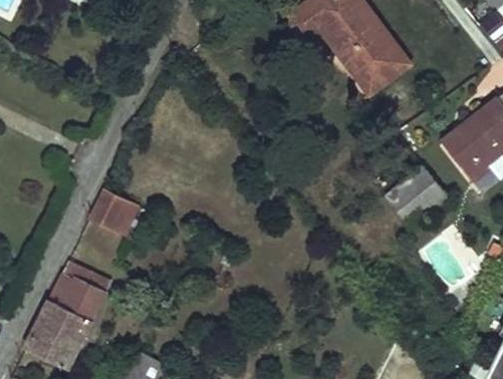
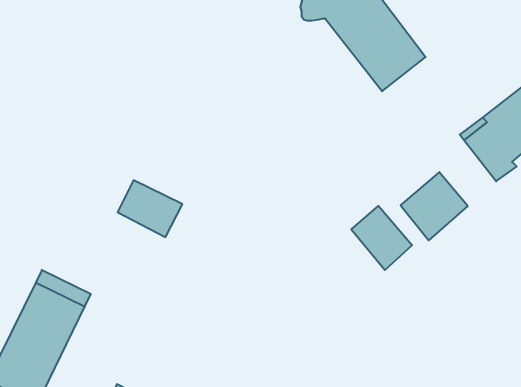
building: [88,191,146,241] -> [118,180,182,237]
building: none -> [351,206,412,270]

